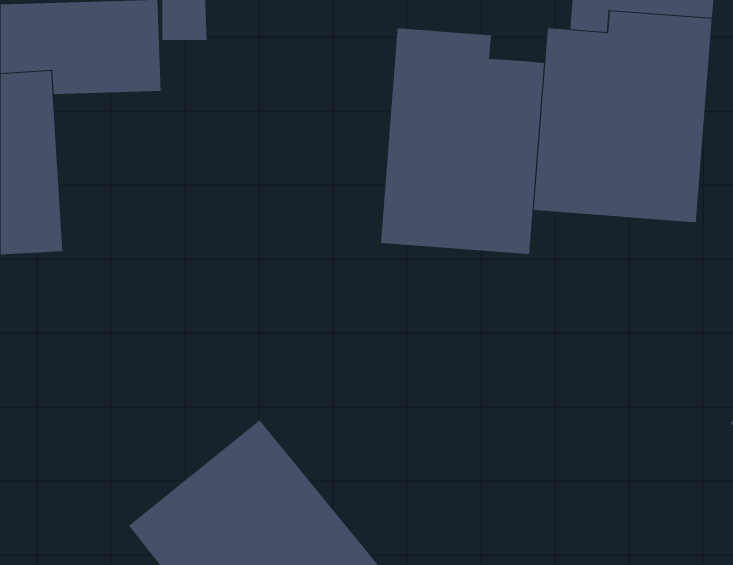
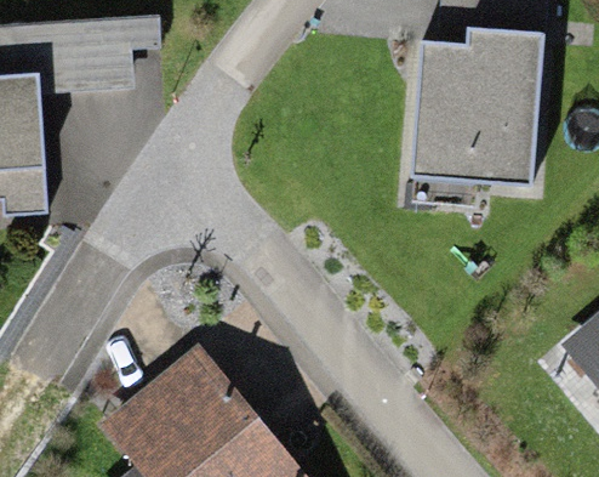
building: [381,27,544,255] -> none

